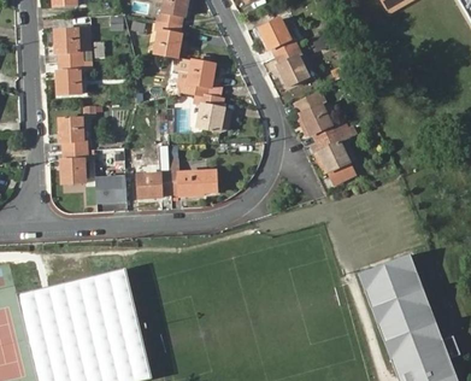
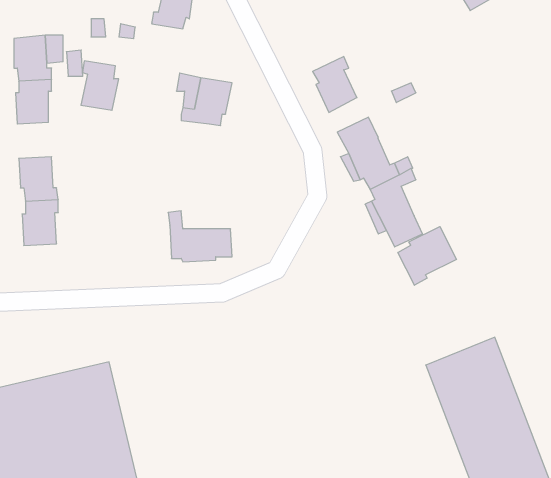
building: [259,19,298,55] -> none
building: [154,20,182,57] -> [81,61,119,110]
building: [189,94,230,131] -> none
building: [137,169,171,198] -> none
building: none -> [398,227,456,285]
building: [95,176,126,203] -> none

